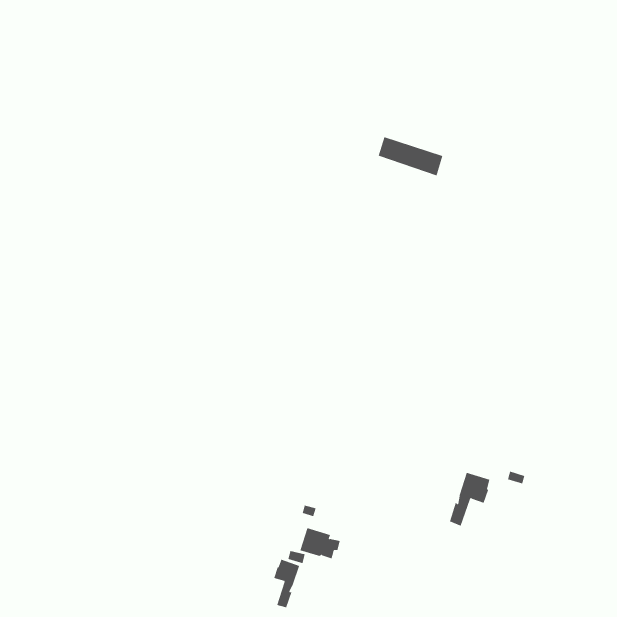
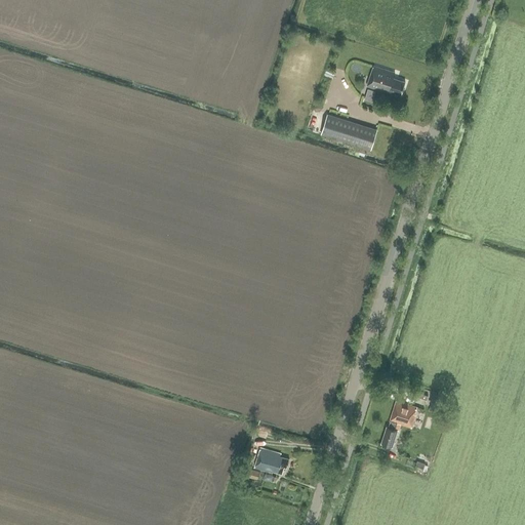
building: none -> [366,67,405,95]
building: [273,559,300,608] -> none

